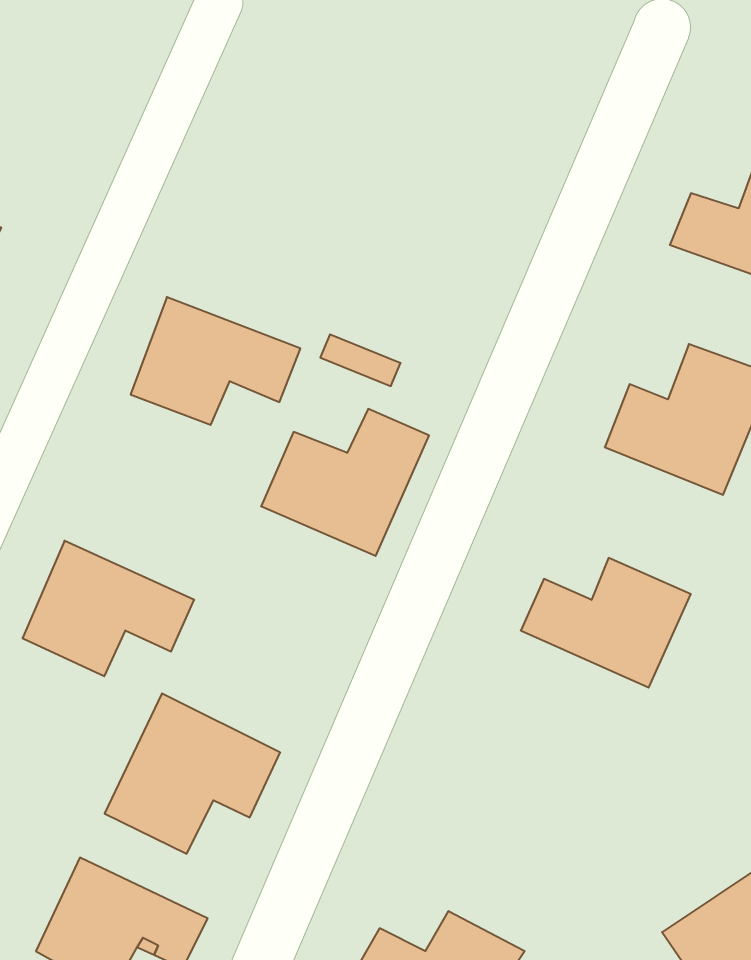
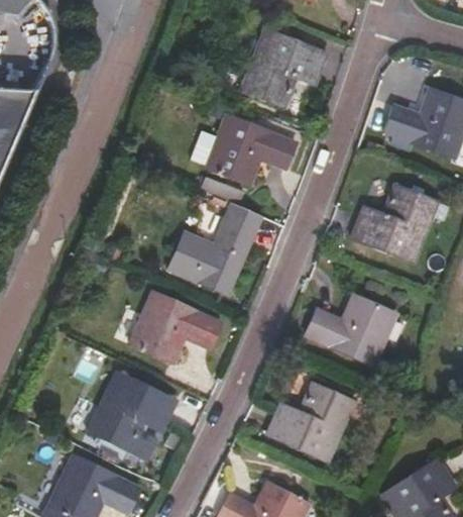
building: none -> [240,27,329,109]
building: [131,297,300,425] -> [206,115,296,183]
building: [22,541,194,676] -> [129,291,220,363]
building: none -> [264,383,354,463]

